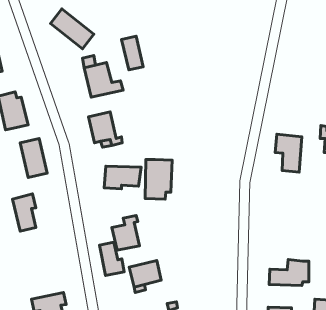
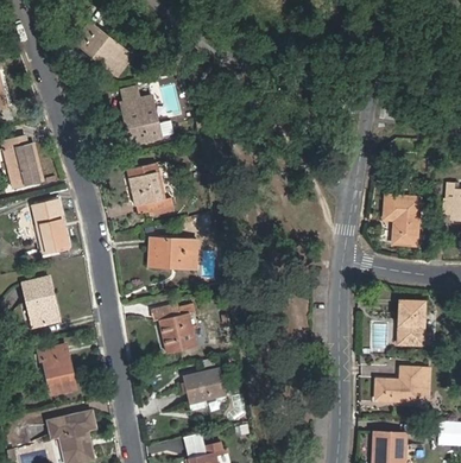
building: [122,36,143,70] -> none
building: [145,160,172,199] -> none
building: none -> [397,303,424,345]
building: [99,242,124,275] -> none
building: none -> [37,344,76,395]

